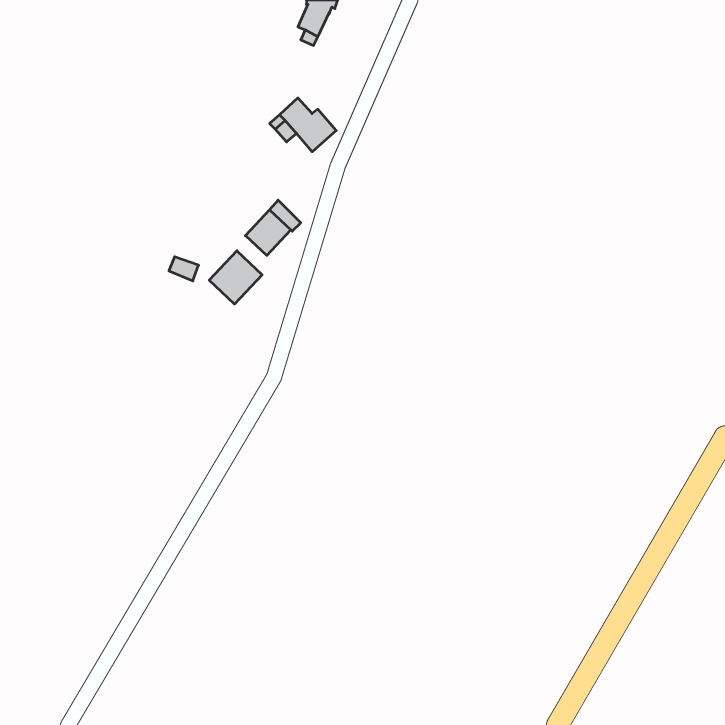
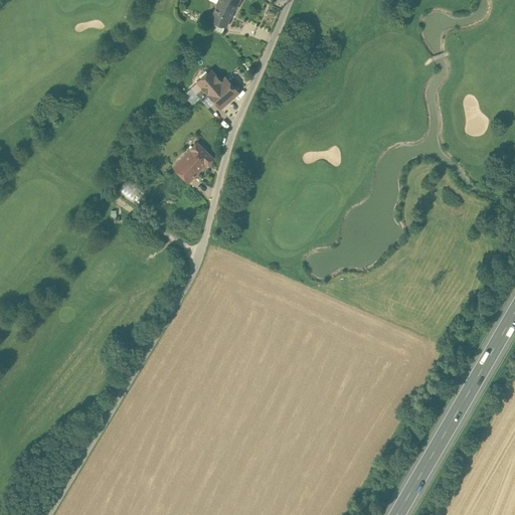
building: [209,251,262,304] -> none

